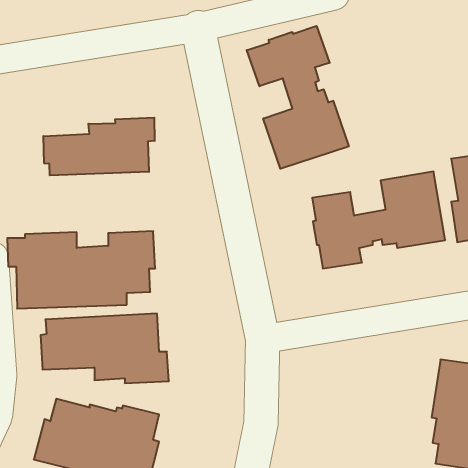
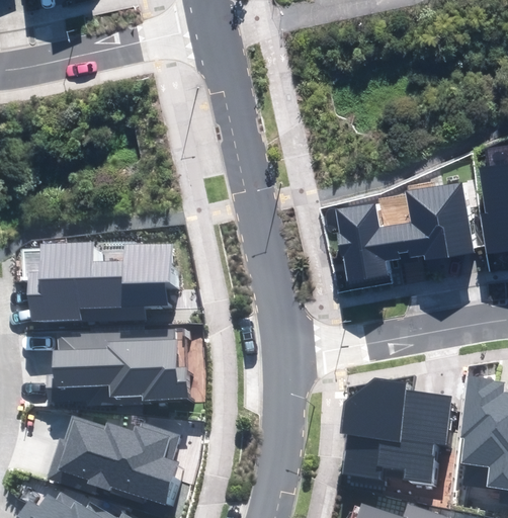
building: [247,26,349,169] -> none
building: [43,118,155,175] -> none
building: none -> [341,377,453,483]

